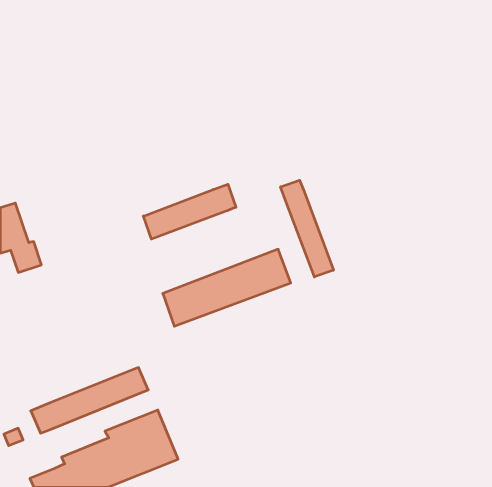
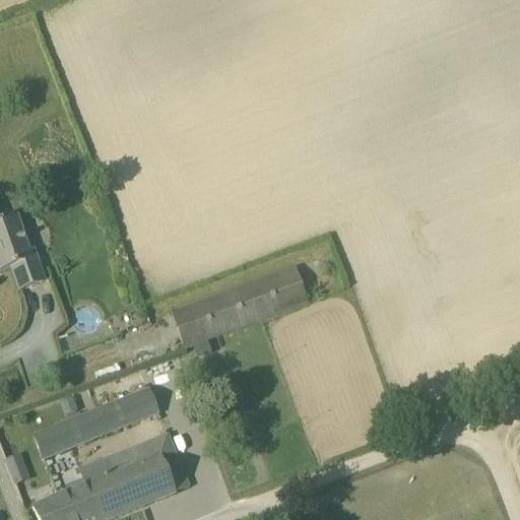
building: [281,180,333,277] -> none
building: [143,184,236,239] -> none

